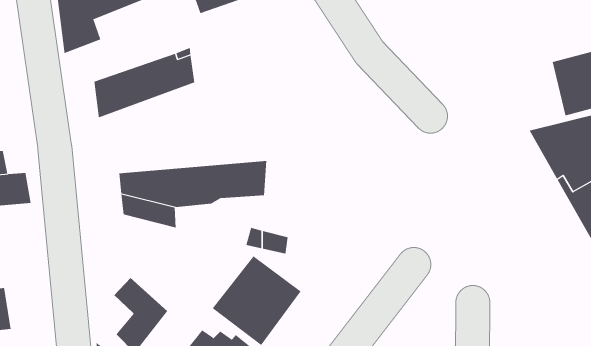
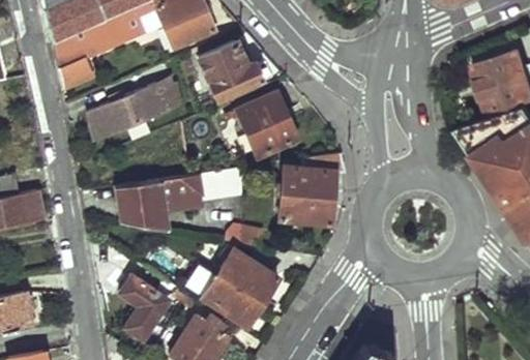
building: none -> [199,41,261,98]
building: none -> [227,93,293,149]
building: none -> [276,152,344,221]

